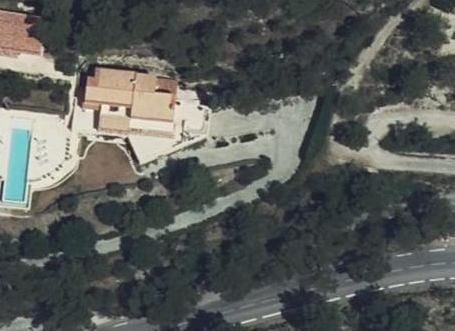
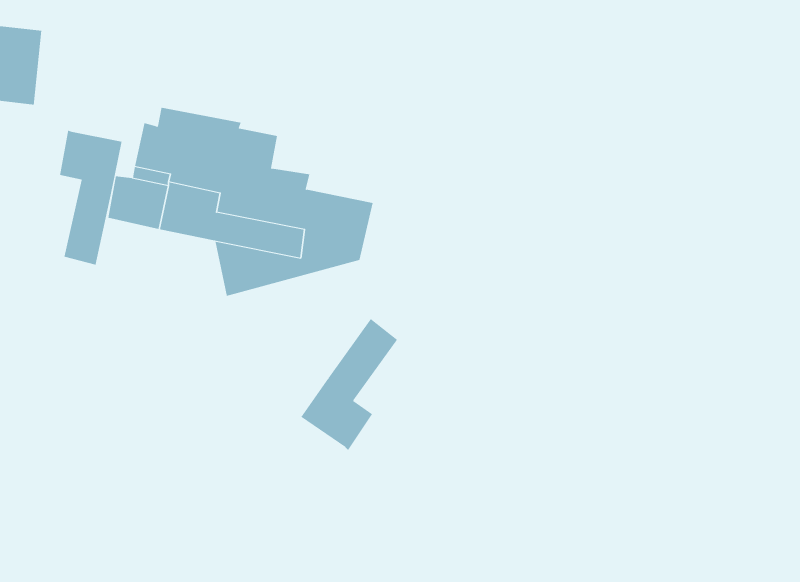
building: none -> [59,130,122,266]
building: none -> [301,318,398,451]

